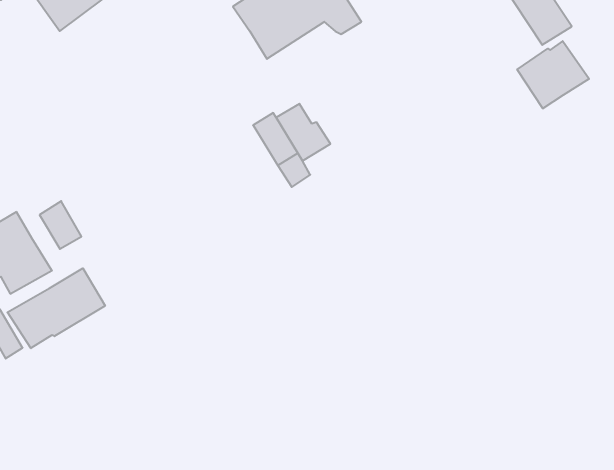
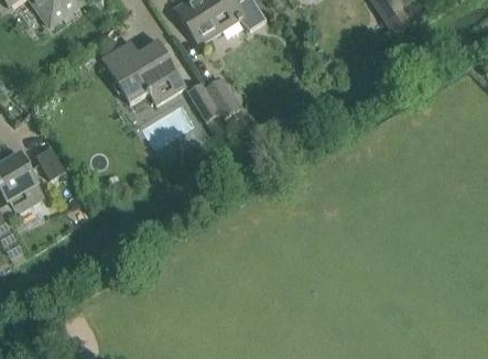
building: [517,41,589,109] -> none
building: none -> [100,40,185,104]
building: [7,268,105,348] -> none

